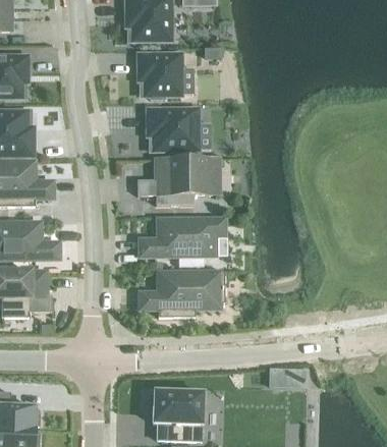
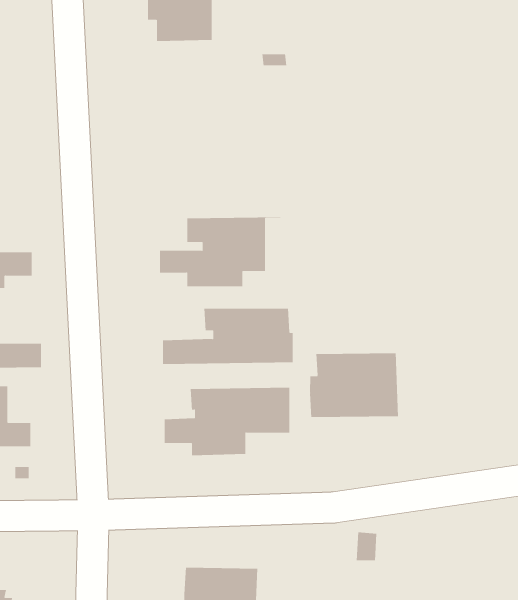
building: [139,48,180,94] -> none
building: [148,107,199,148] -> none
building: none -> [310,353,398,418]

